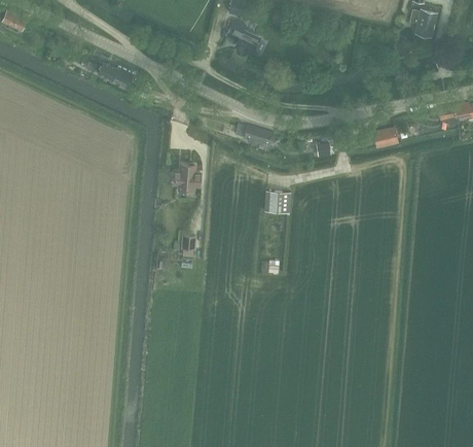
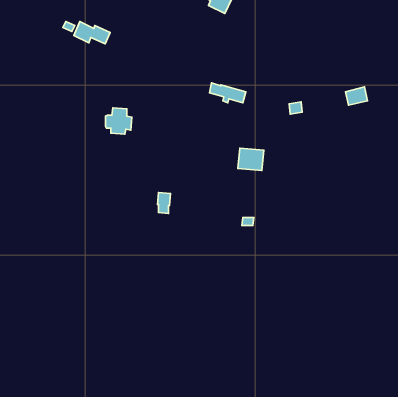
building: [173,165,199,192] -> [106,108,132,134]

